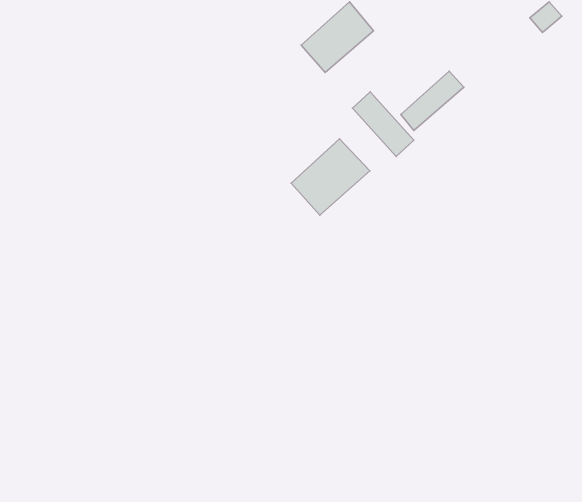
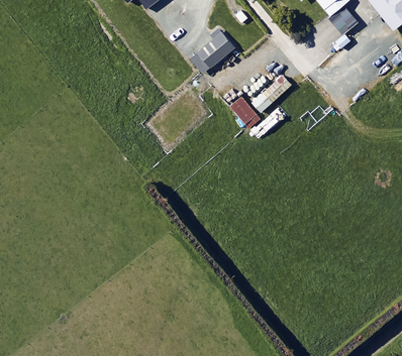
building: [291,139,370,215] -> none

